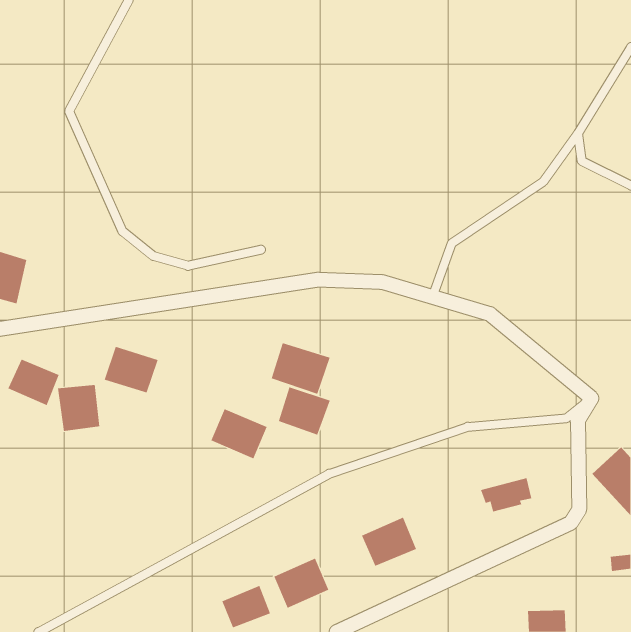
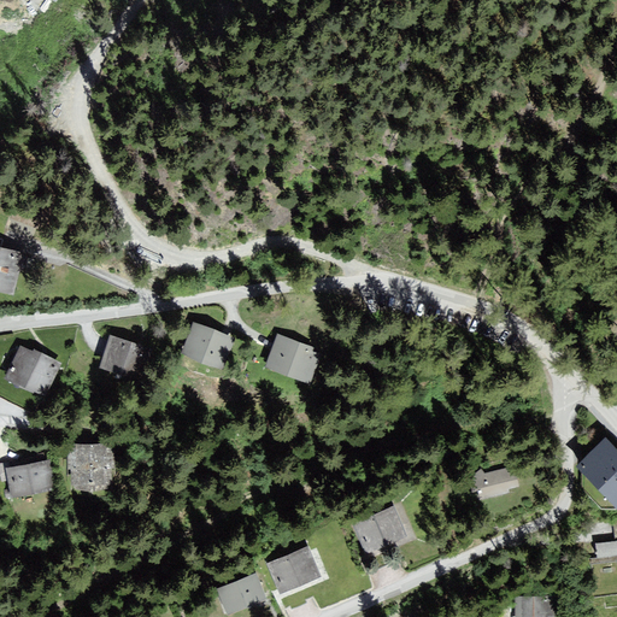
building: [57,384,100,431] -> [66,445,108,490]
building: [278,386,330,436] -> none
building: [210,408,267,459] -> [183,323,239,372]
building: none -> [5,459,54,500]

